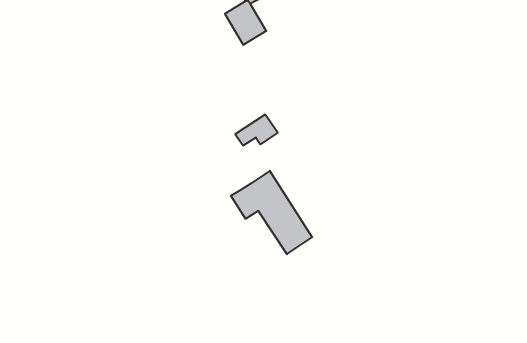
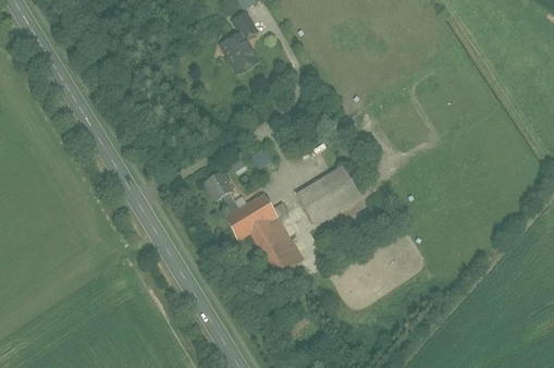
building: none -> [297,167,360,224]
building: none -> [205,171,245,213]

